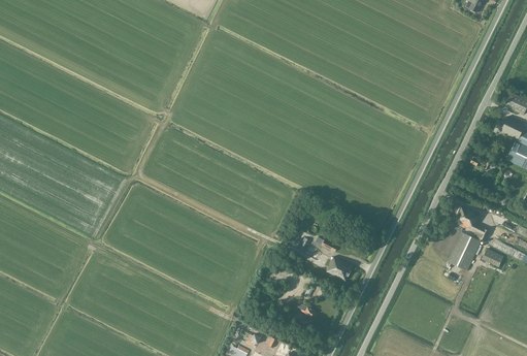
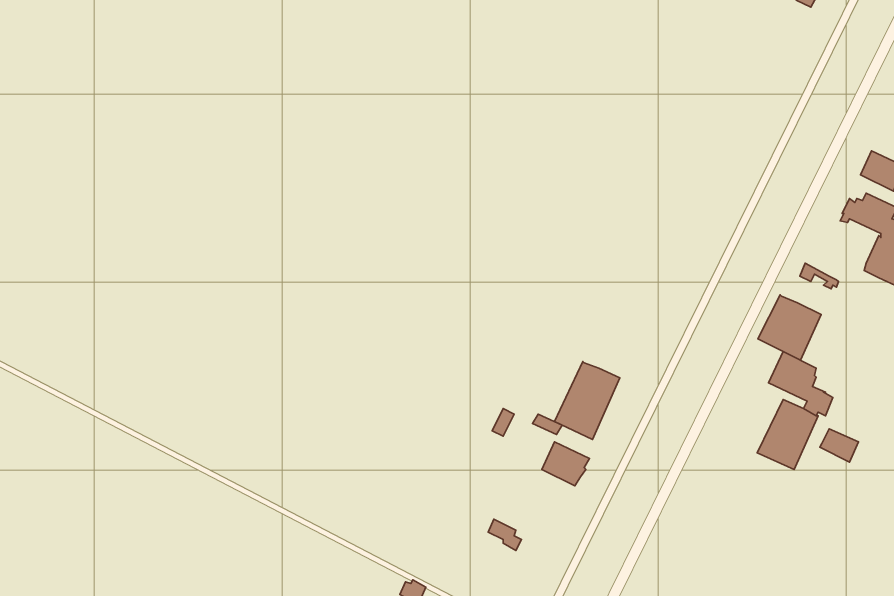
building: none -> [758,295,821,360]
building: none -> [554,361,620,440]

